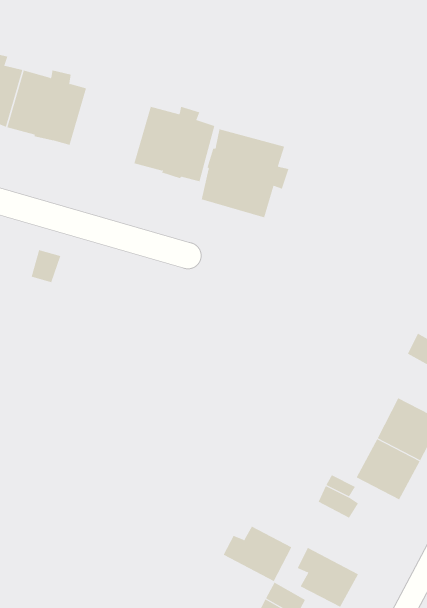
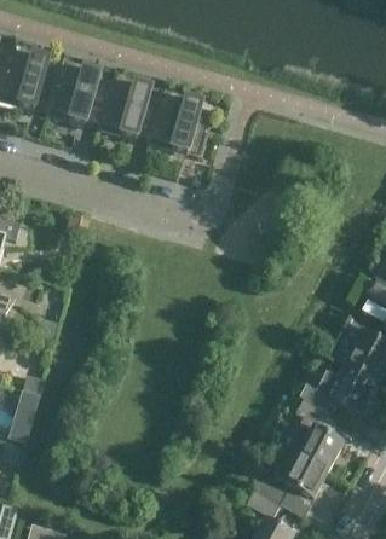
building: none -> [97,81,161,141]
building: [201,129,289,218] -> none
building: [223,526,292,582] -> [287,425,342,470]

